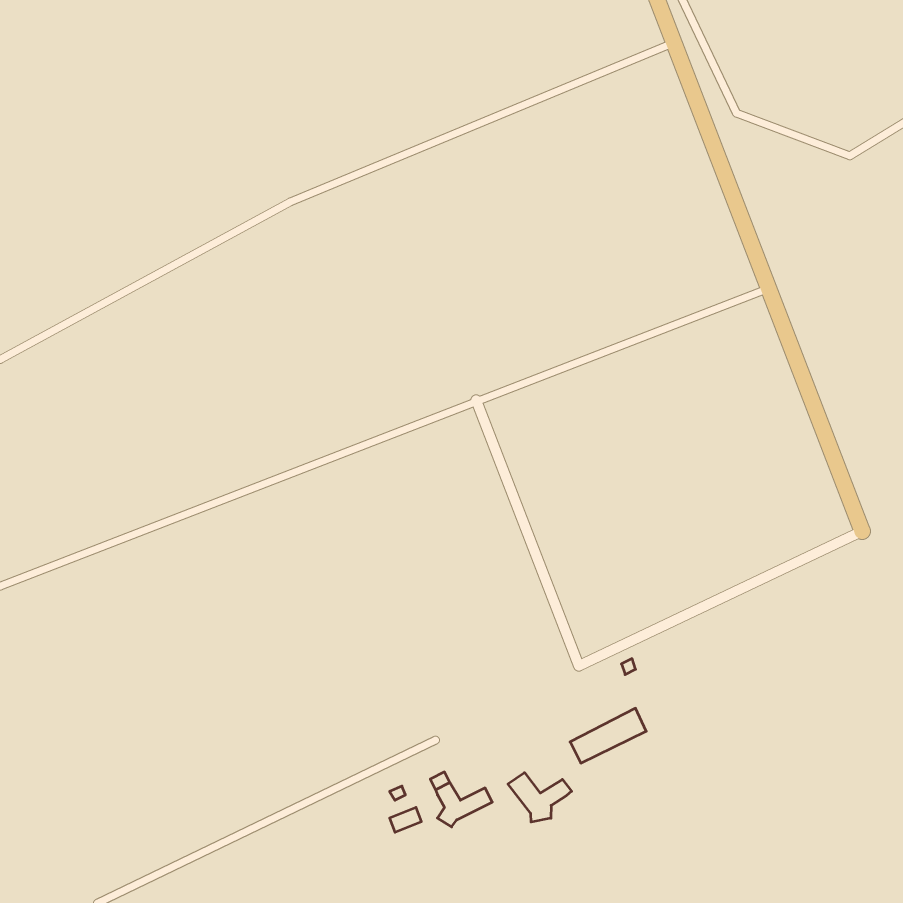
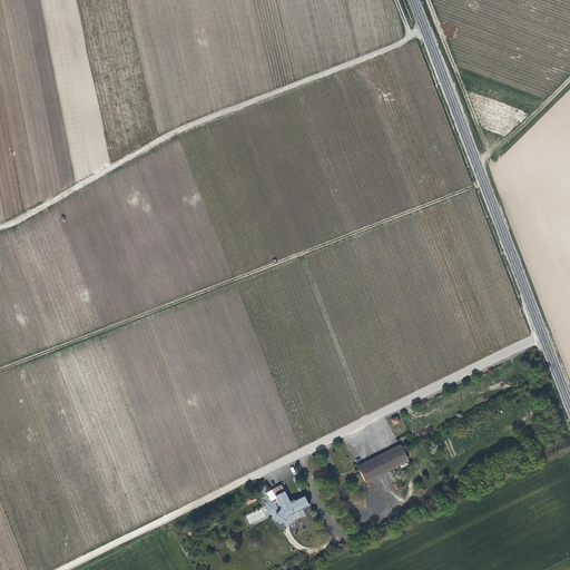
building: [508,773,572,822] -> none

